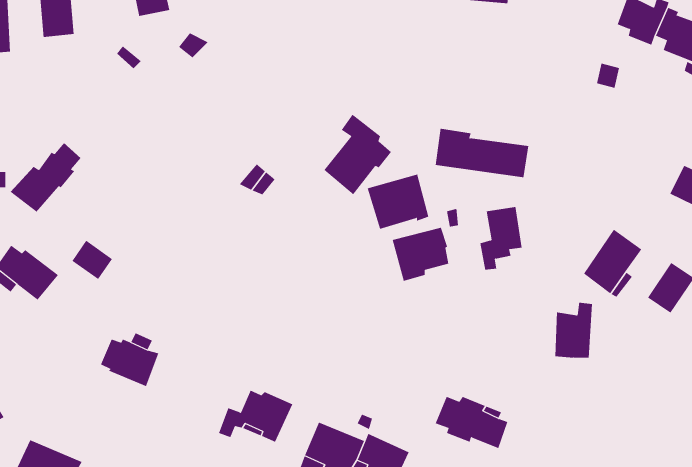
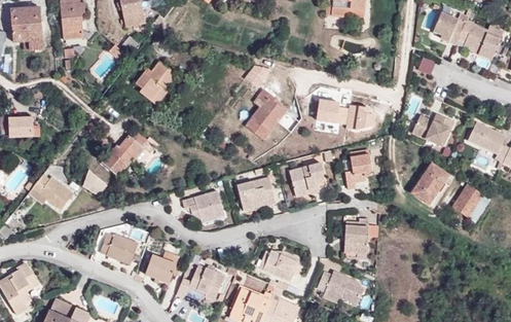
building: none -> [135,60,177,106]
building: [10,142,81,213] -> [101,130,147,175]
building: none -> [411,113,453,146]
building: [367,174,429,230] -> [235,175,276,211]
building: none -> [181,189,224,219]
building: [555,302,593,358] -> [343,217,368,253]
building: none -> [258,250,301,281]
building: none -> [144,254,176,282]

